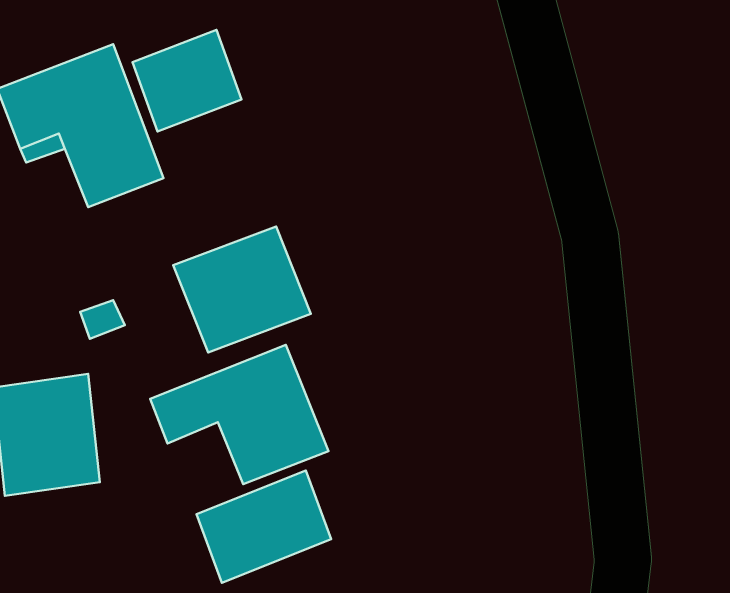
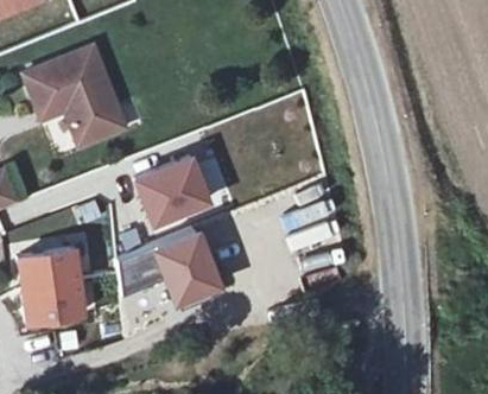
building: [132,30,241,132] -> none
building: [196,470,331,583] -> none

